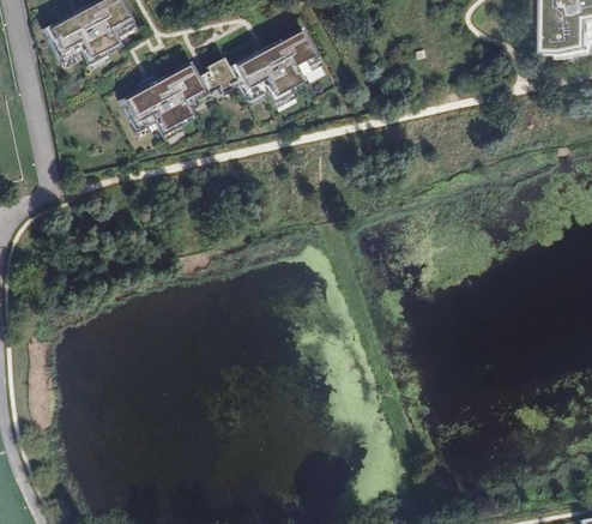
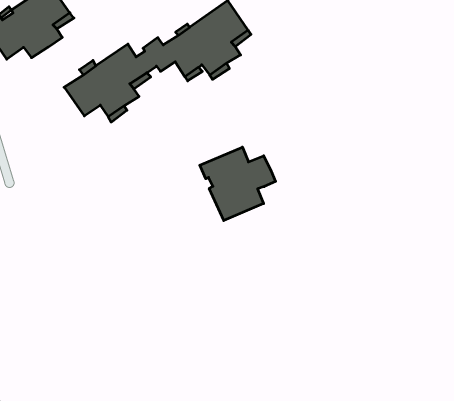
building: none -> [200,147,276,221]

